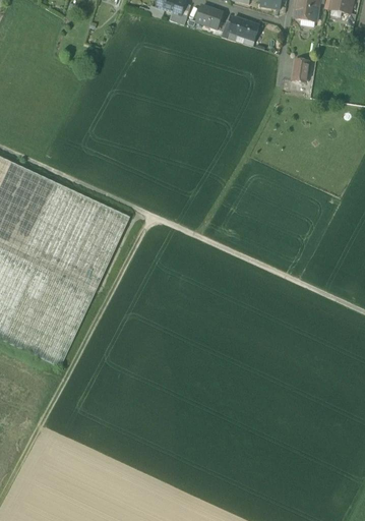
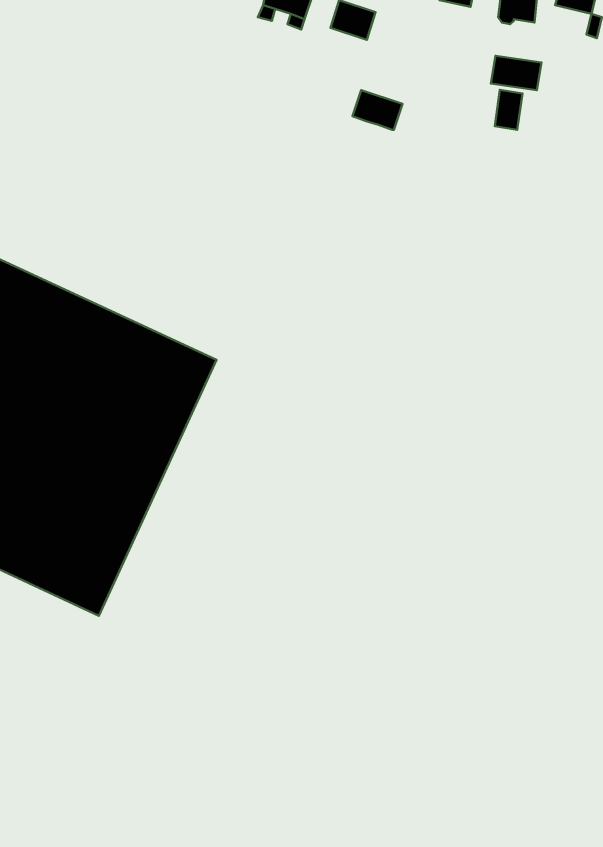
building: [229,16,258,40] -> [352,90,403,130]
building: none -> [491,56,541,90]

